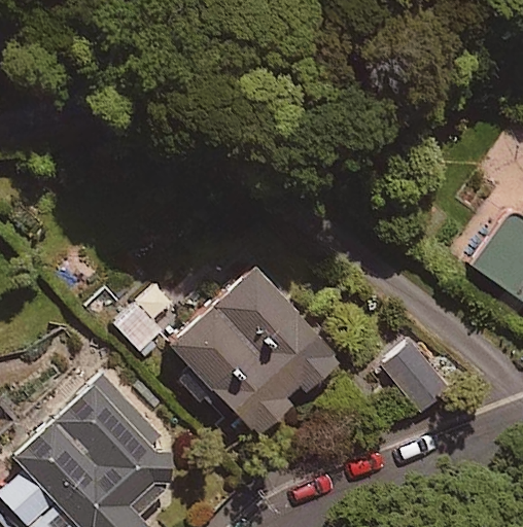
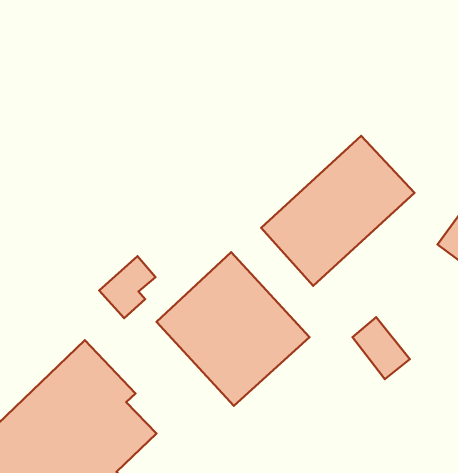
building: none -> [261,136,414,286]

